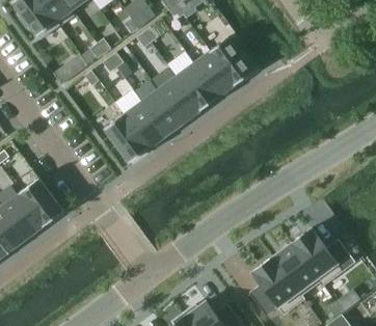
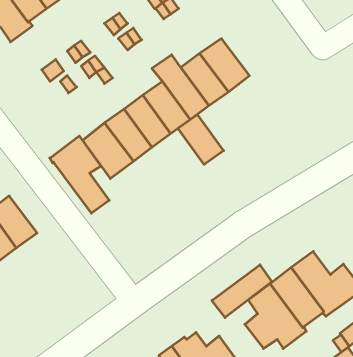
building: none -> [178,115,224,164]
building: none -> [50,136,109,213]
building: none -> [212,265,272,318]

